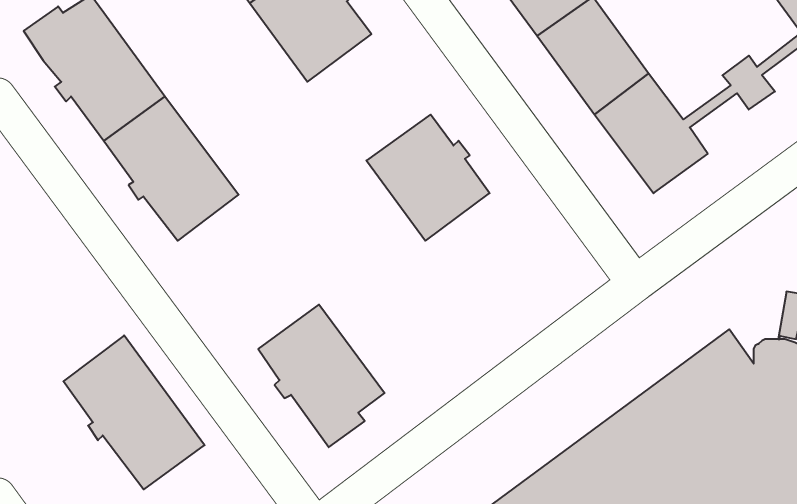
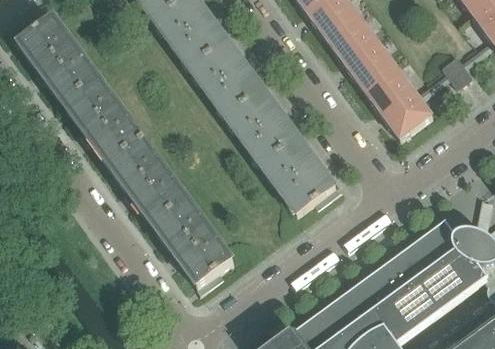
building: none -> [188,39,263,116]
building: none -> [260,136,338,214]
building: [63,335,205,489] -> [109,137,195,231]

